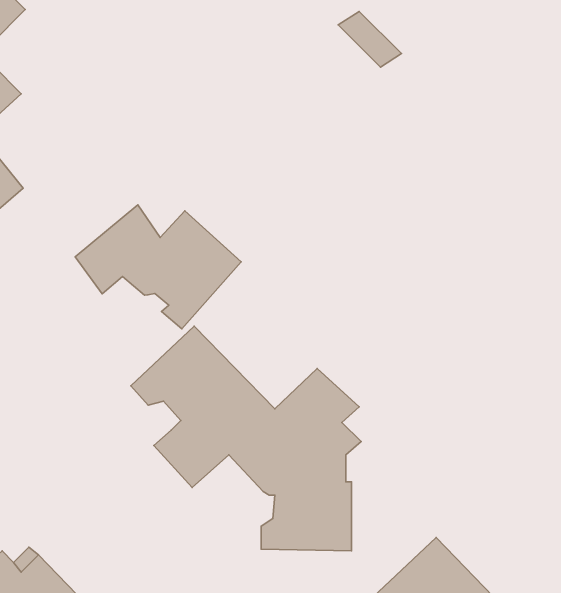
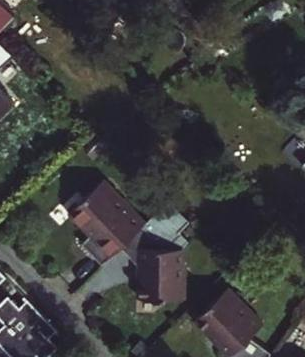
building: [75,205,241,329] -> none

